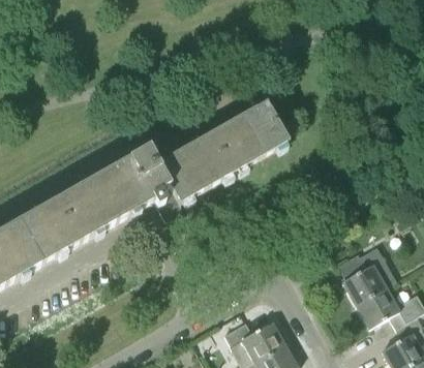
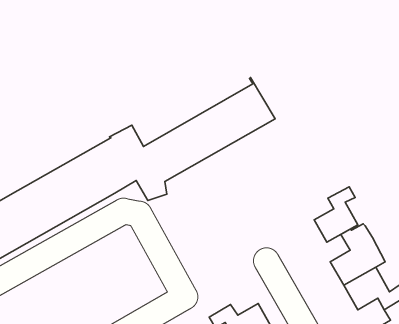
building: none -> [314,187,358,242]

